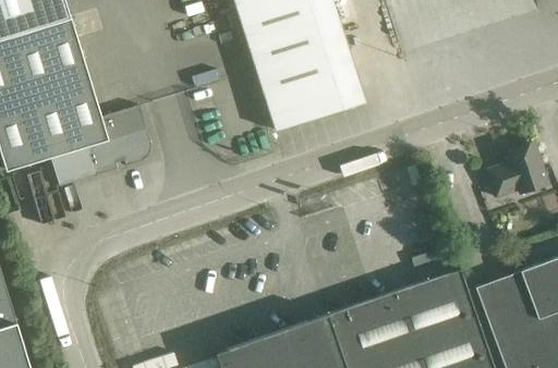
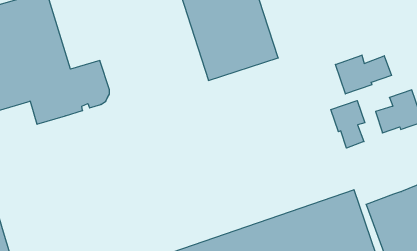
building: none -> [335,55,392,94]
building: none -> [331,101,365,148]

